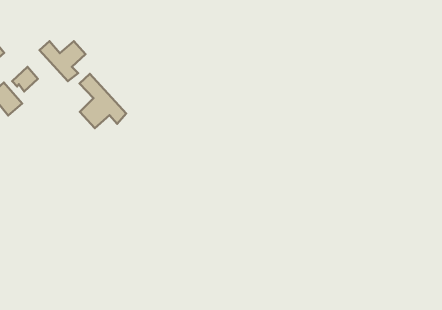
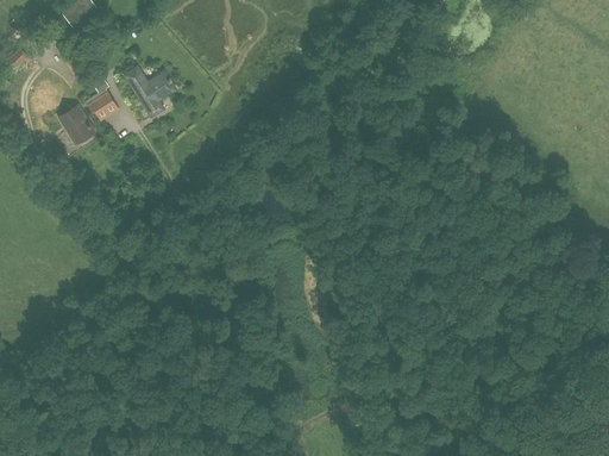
building: [79,74,126,128] -> none

